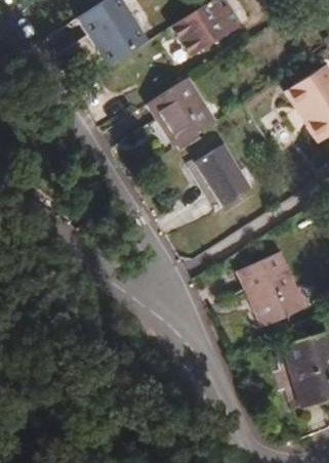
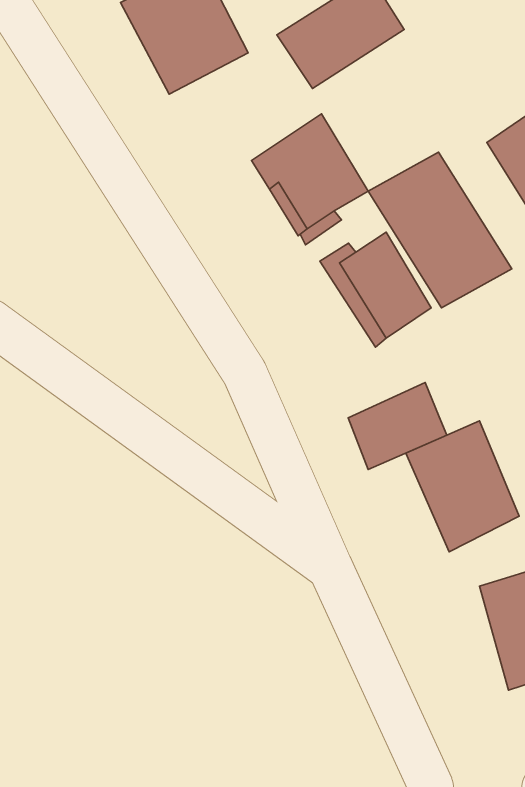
building: none -> [368,152,512,308]
building: none -> [348,382,447,470]

